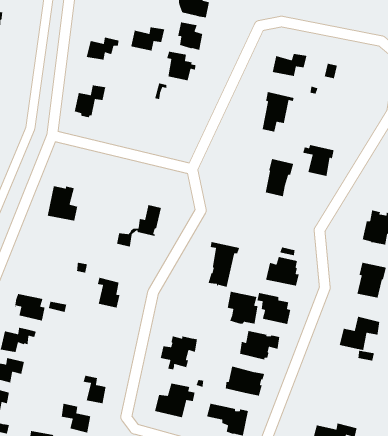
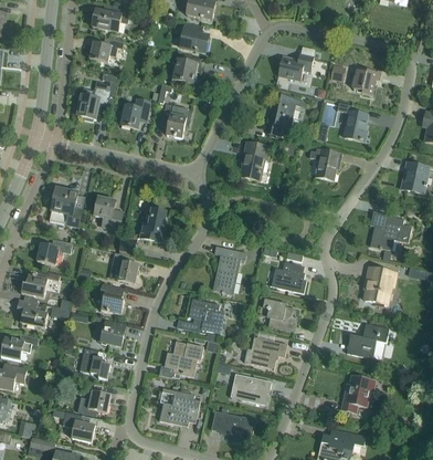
building: [127,27,165,52] -> [92,6,130,31]
building: none -> [352,69,379,95]
building: none -> [120,97,149,127]
building: none -> [336,101,367,140]
building: none -> [160,102,187,137]
building: [265,158,294,197] -> [240,140,270,180]
building: none -> [94,196,122,229]
building: none -> [36,238,72,264]
building: none -> [110,251,138,283]
building: none -> [20,269,60,297]
building: [227,291,259,325] -> [188,297,220,332]
building: none -> [96,320,125,345]
building: none -> [80,347,109,379]
building: none -> [340,375,374,411]

